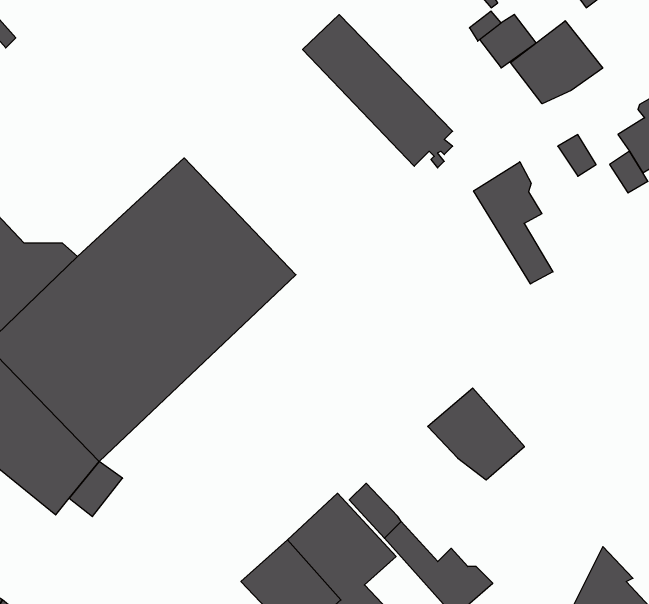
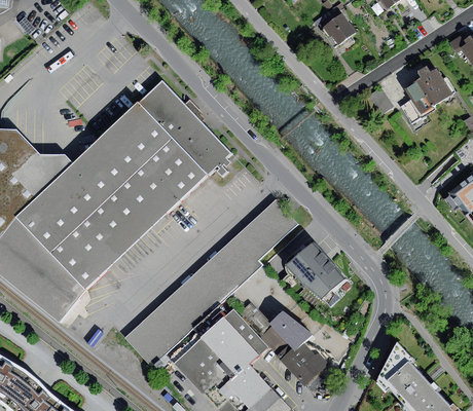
building: [303,15,453,168] -> [138,80,230,175]
building: [510,21,603,104] -> none
building: [474,162,553,284] -> none
building: none -> [124,199,297,366]
building: none -> [269,310,313,350]

